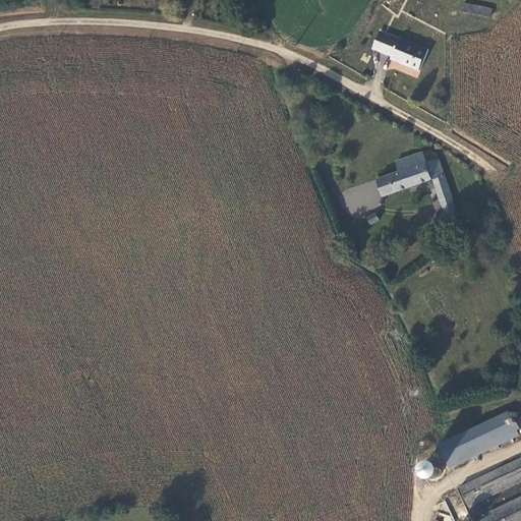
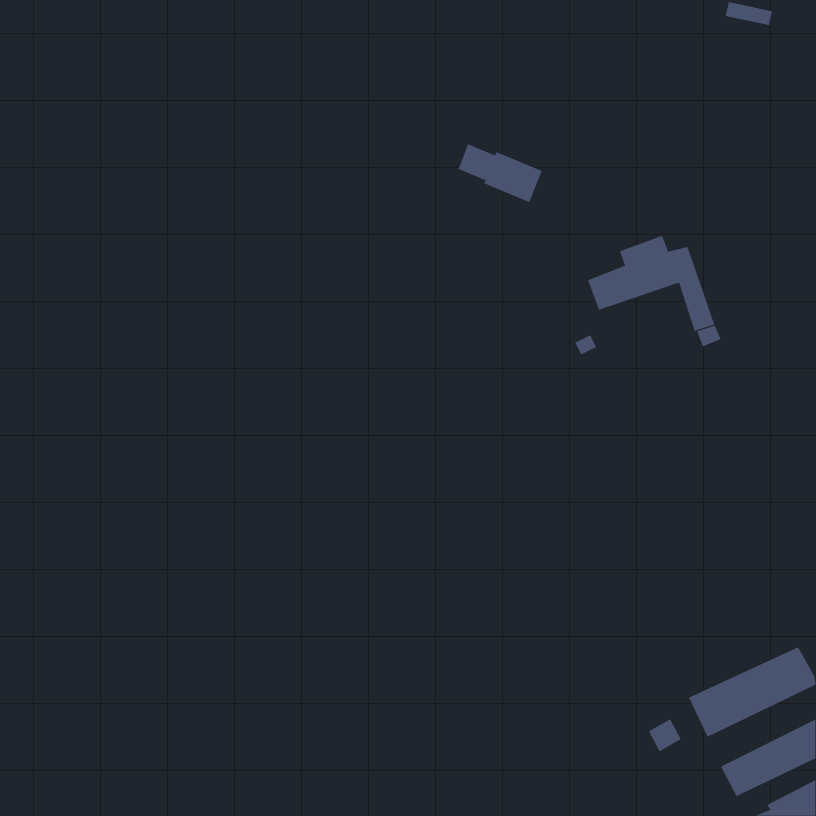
building: [372,32,426,69] -> [458,144,543,203]

